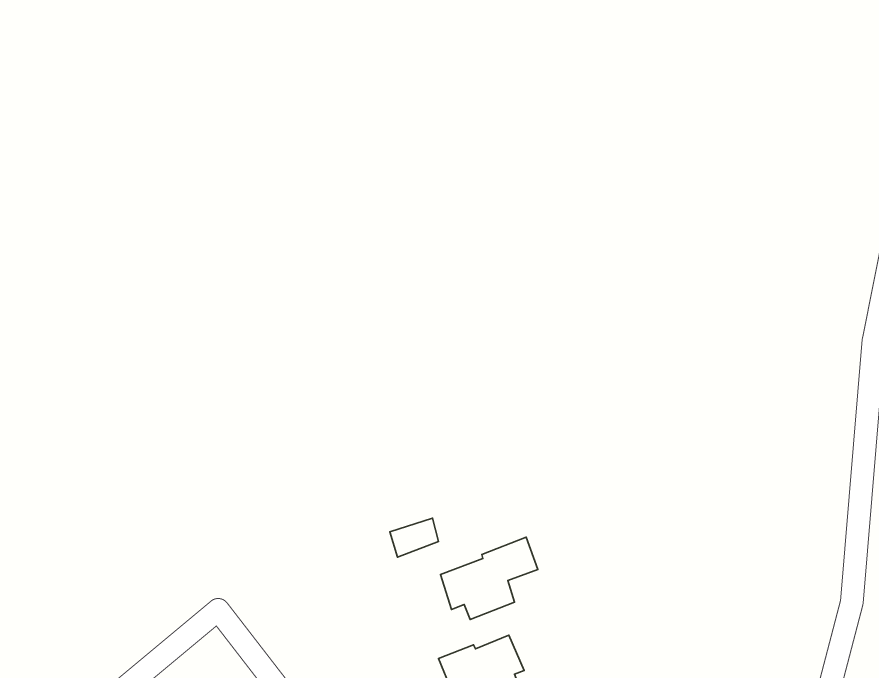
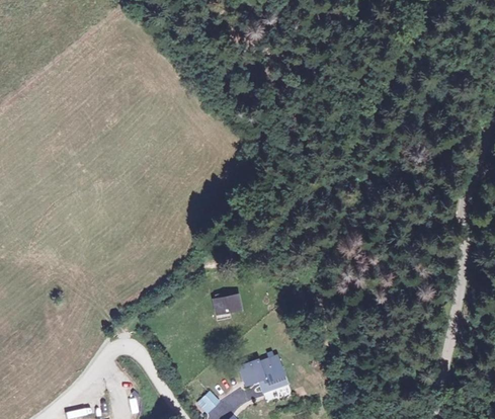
building: [440,537,538,619] -> none

